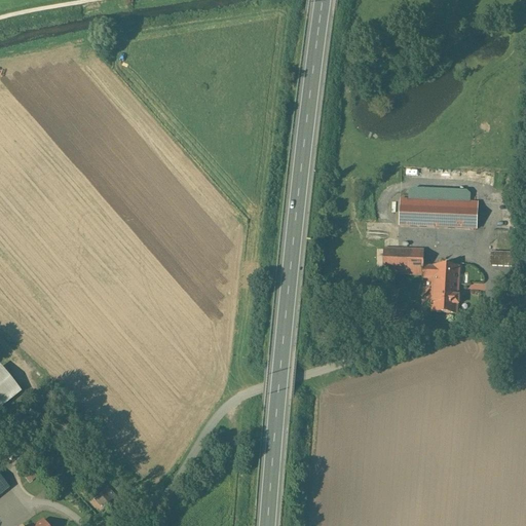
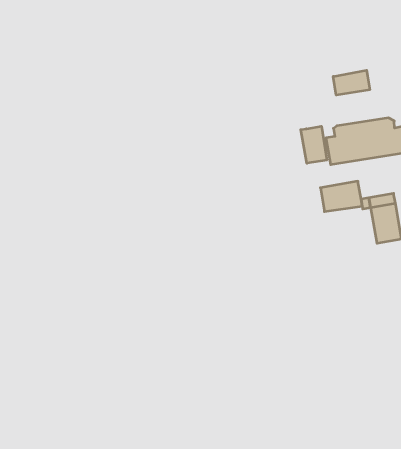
building: none -> [333,70,370,95]
building: none -> [301,126,327,163]

